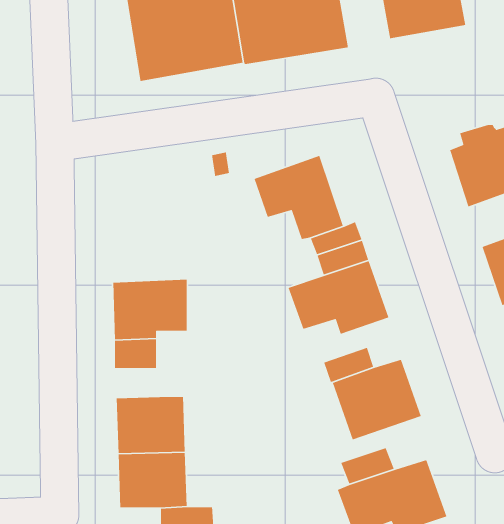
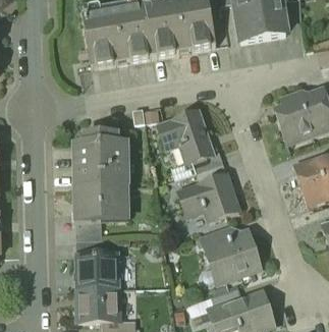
building: none -> [72,130,128,185]
building: none -> [74,237,108,255]

